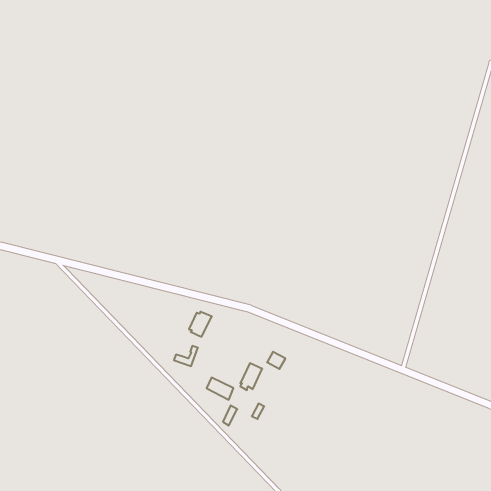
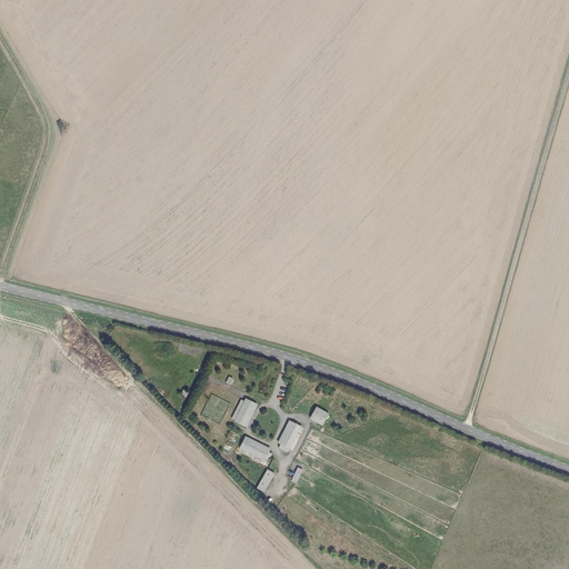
building: [189,312,212,337] -> [231,399,258,428]

